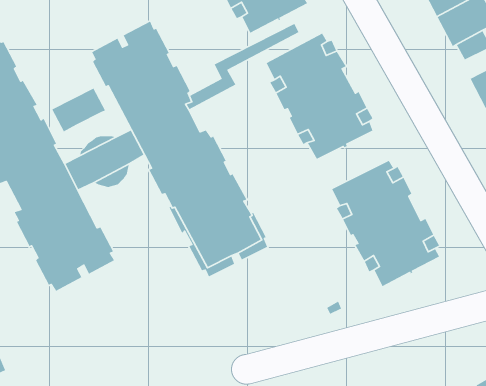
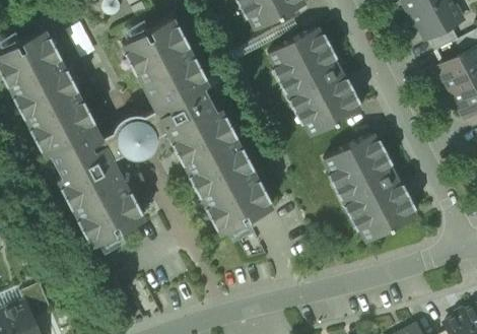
building: [51,88,106,132] -> none

